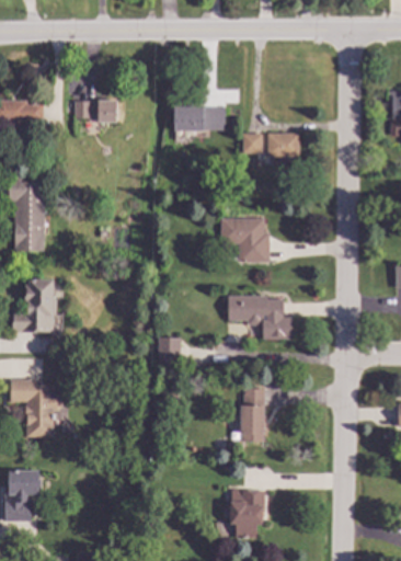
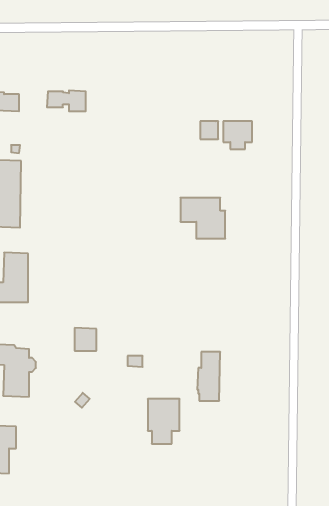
building: [174,107,225,138] -> none
building: [227,296,293,340] -> none
building: [157,336,181,362] -> [75,328,96,351]
building: [230,490,265,539] -> [148,399,180,444]

